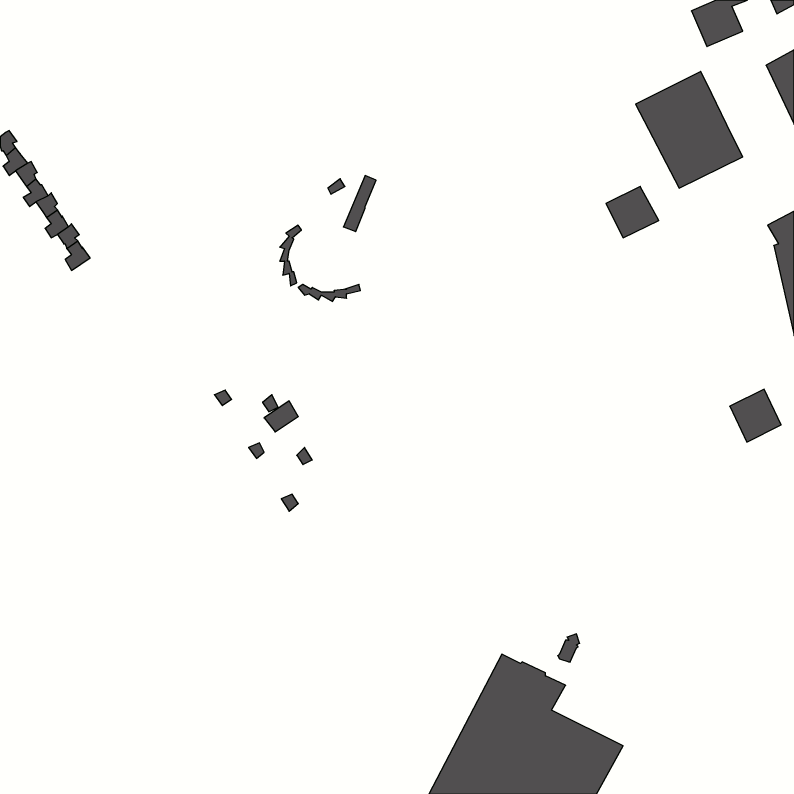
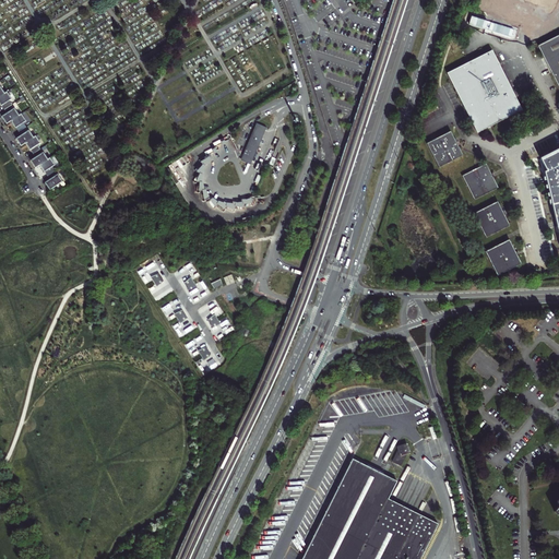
building: none -> [462,163,498,199]
building: none -> [473,201,510,237]
building: [730,389,781,442] -> [485,239,521,276]

